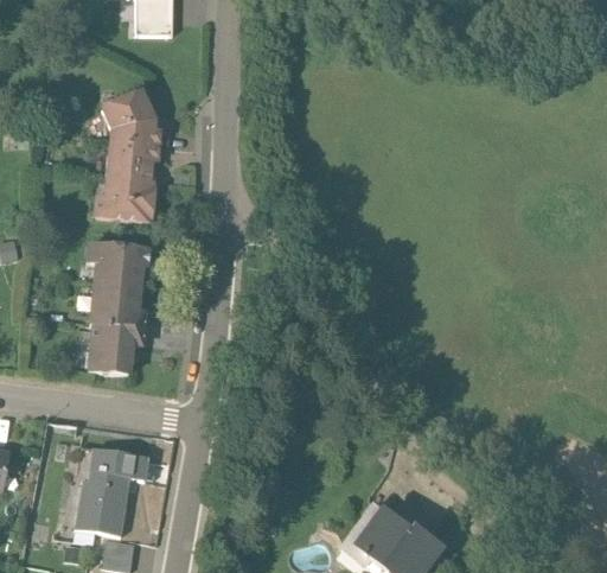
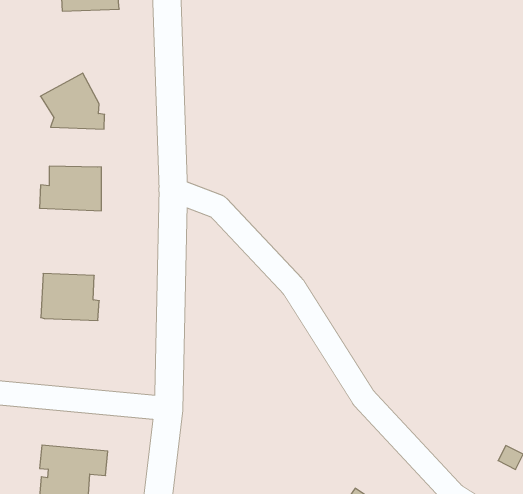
building: [106,136,161,178] -> none
building: [87,240,151,284] -> none
building: [89,323,145,374] -> none

